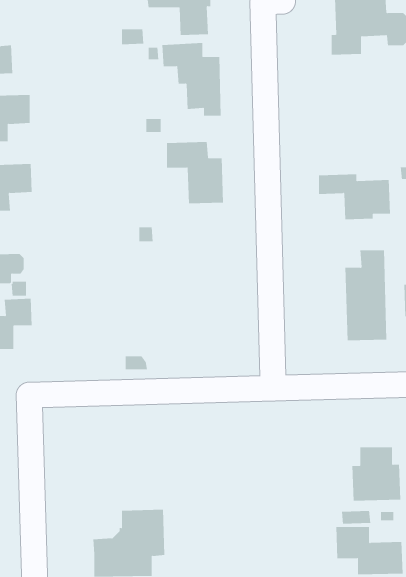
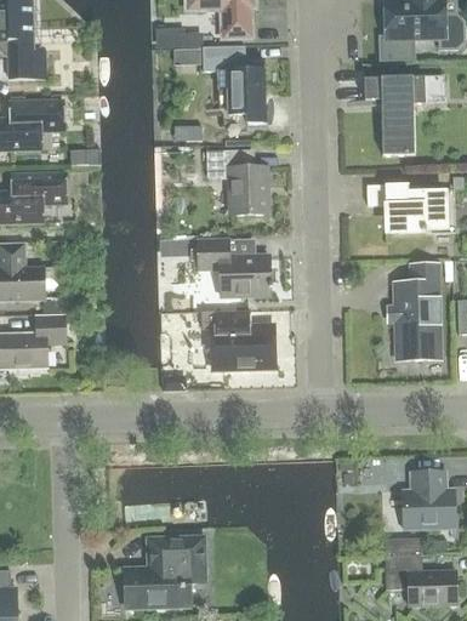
building: none -> [363,76,425,155]
building: none -> [197,239,269,296]
building: none -> [200,309,272,369]

